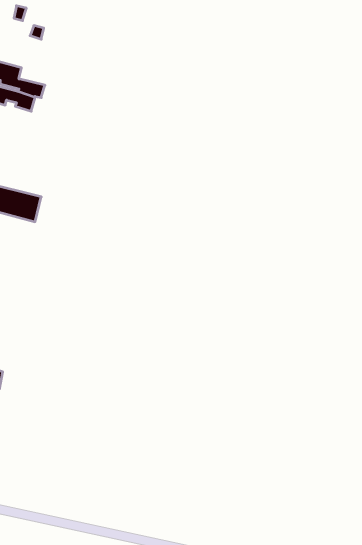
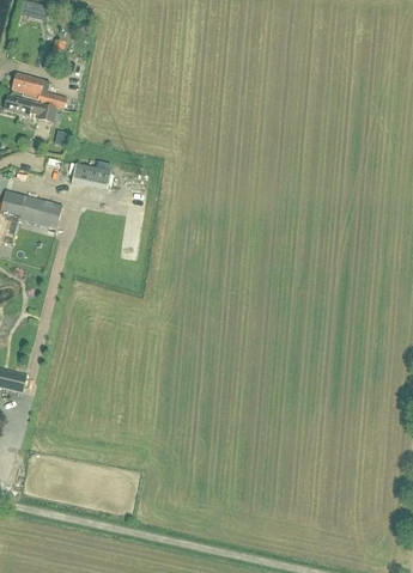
building: none -> [71,163,110,189]

